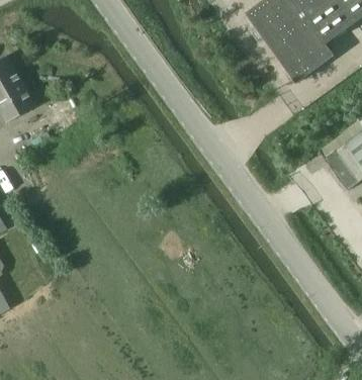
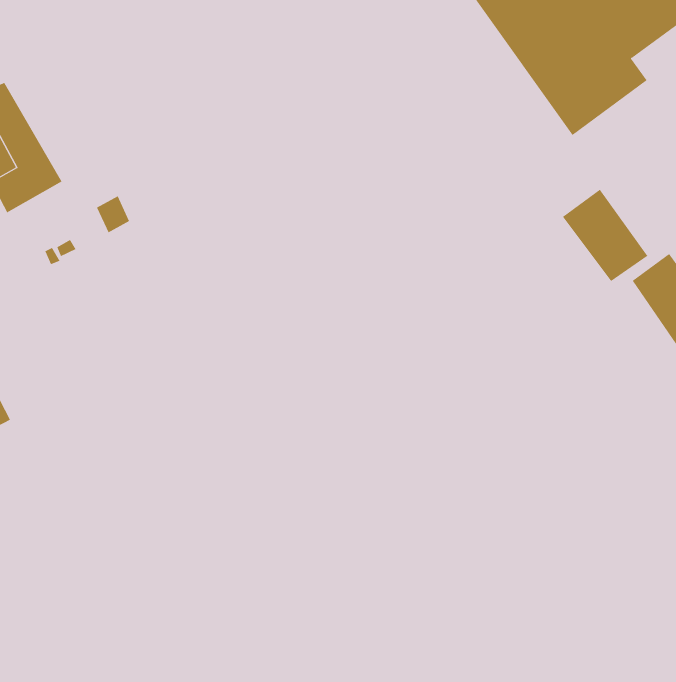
building: none -> [562,189,648,282]

